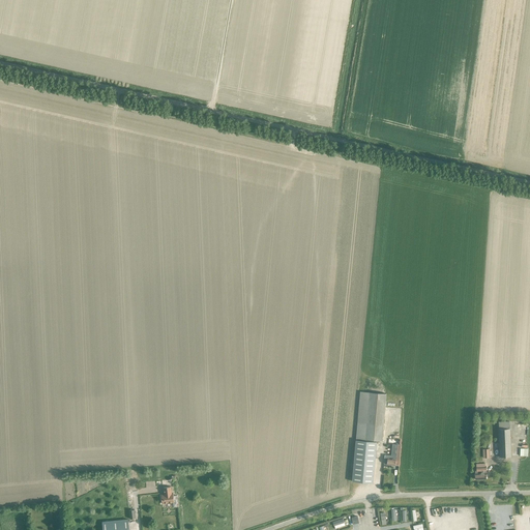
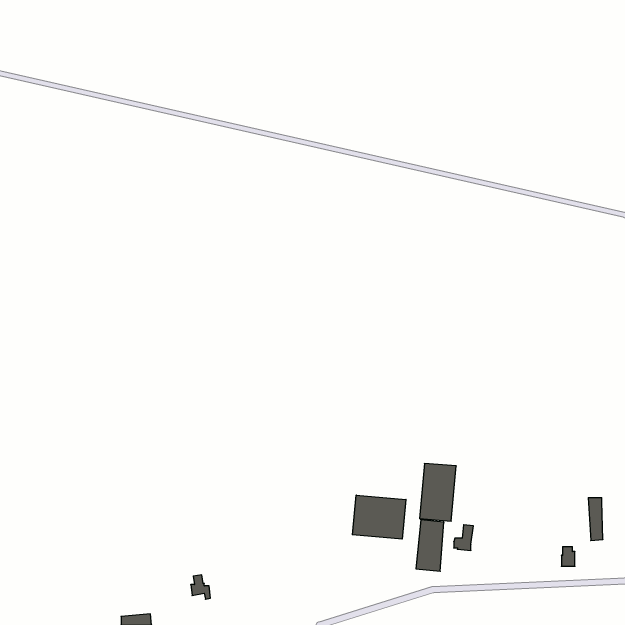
building: none -> [352,495,406,539]

